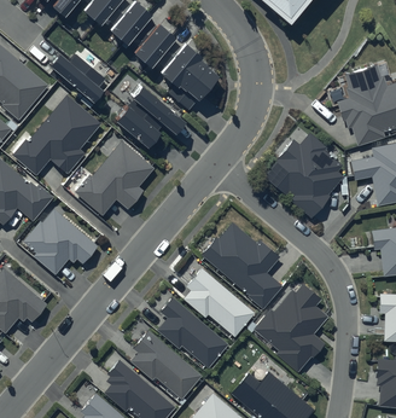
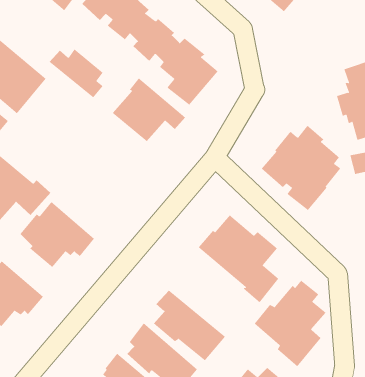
building: [13,97,103,176] -> none
building: [74,139,153,215] -> none
building: [182,267,254,336] -> none

